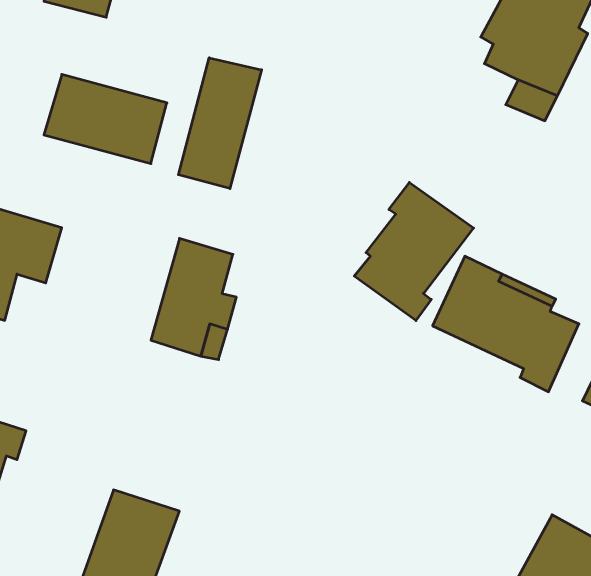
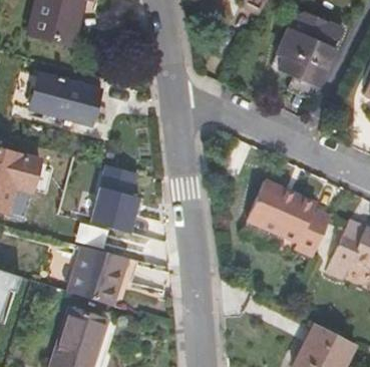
building: [178,58,262,189] -> none
building: [354,182,474,321] -> none
building: none -> [68,245,128,307]

